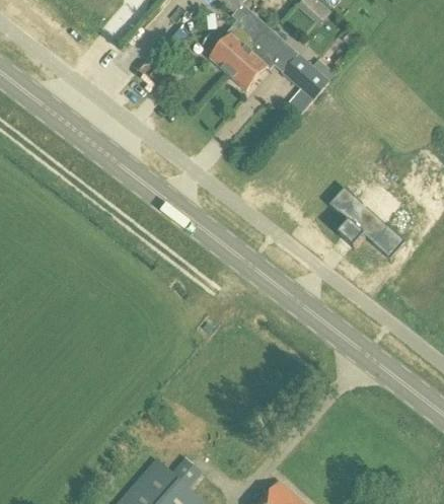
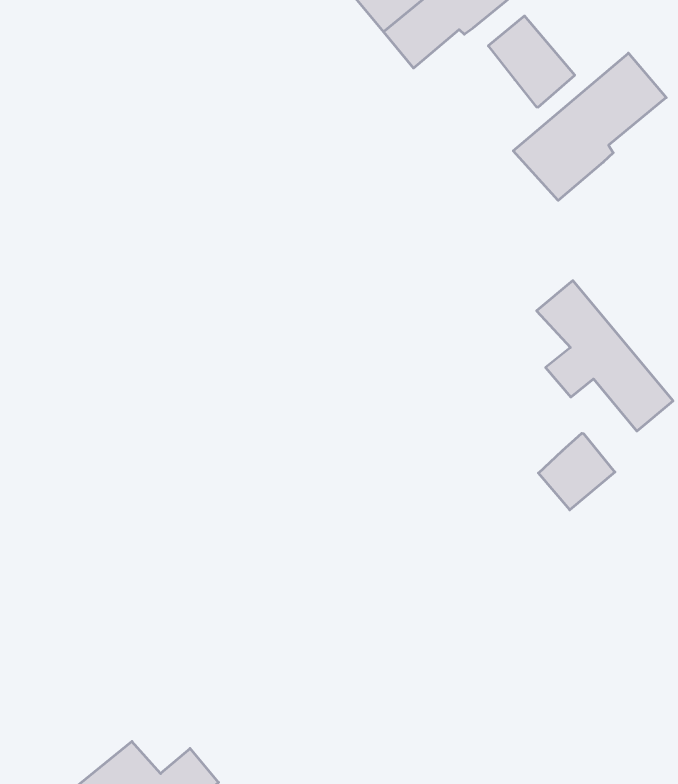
building: none -> [513,53,666,200]
building: none -> [538,433,615,510]

